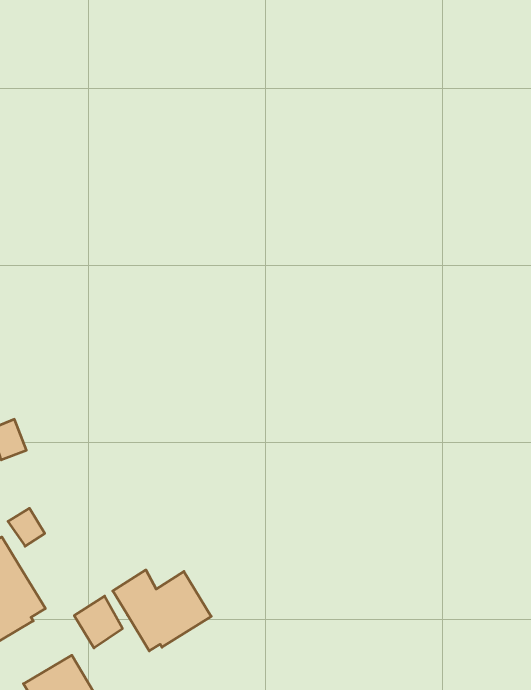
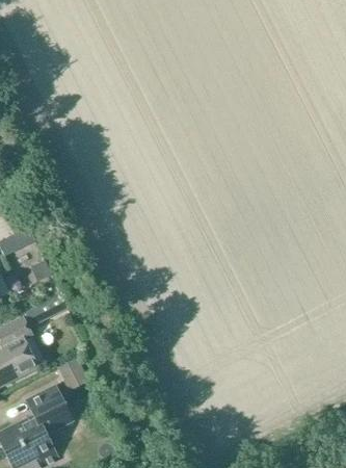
building: [113,570,211,651] -> none

